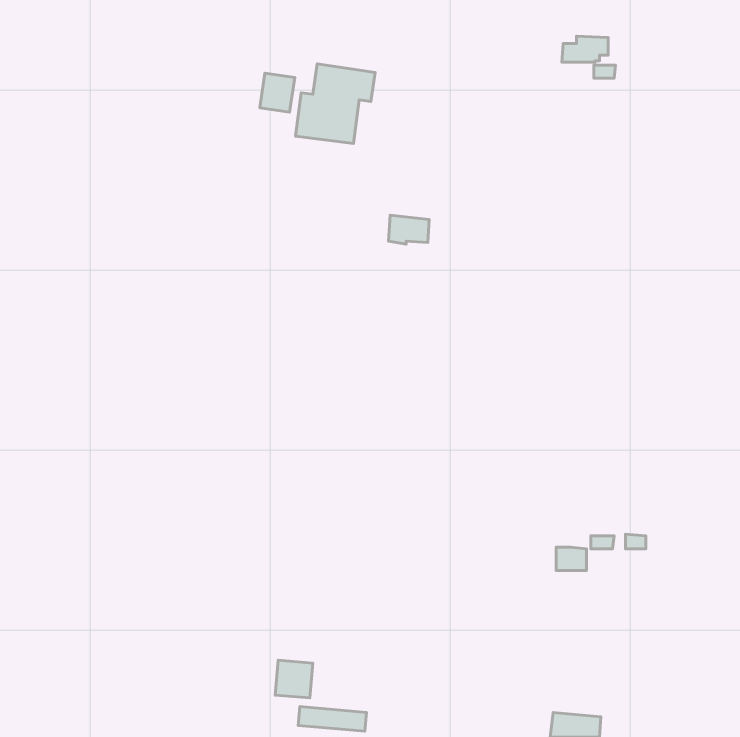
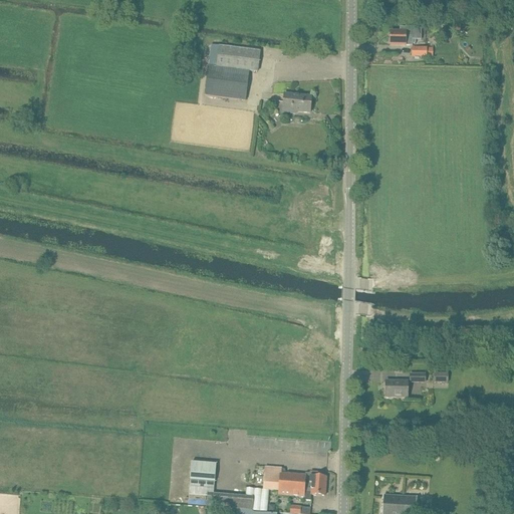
building: [260,73,295,112] -> none
building: [389,215,429,244] -> [283,92,311,112]
building: none -> [256,465,326,499]

